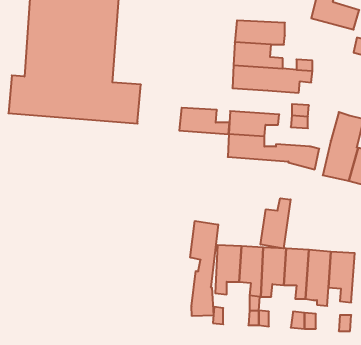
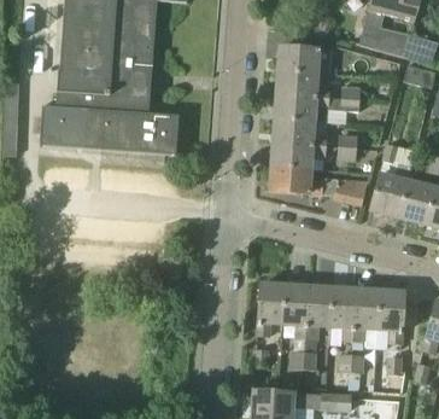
building: [179,108,230,134] -> [274,117,327,145]
building: [261,198,291,248] -> none
building: [190,221,218,316] -> none

